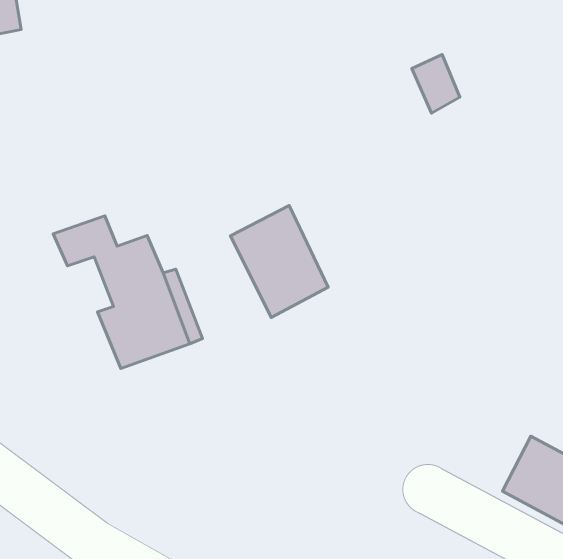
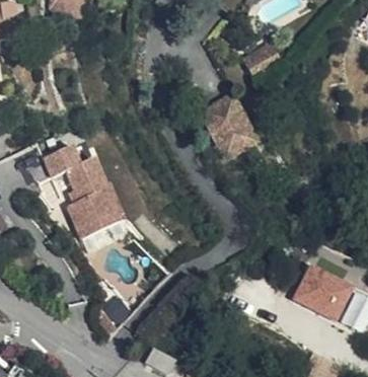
building: [230,206,328,317] -> [202,95,257,159]

